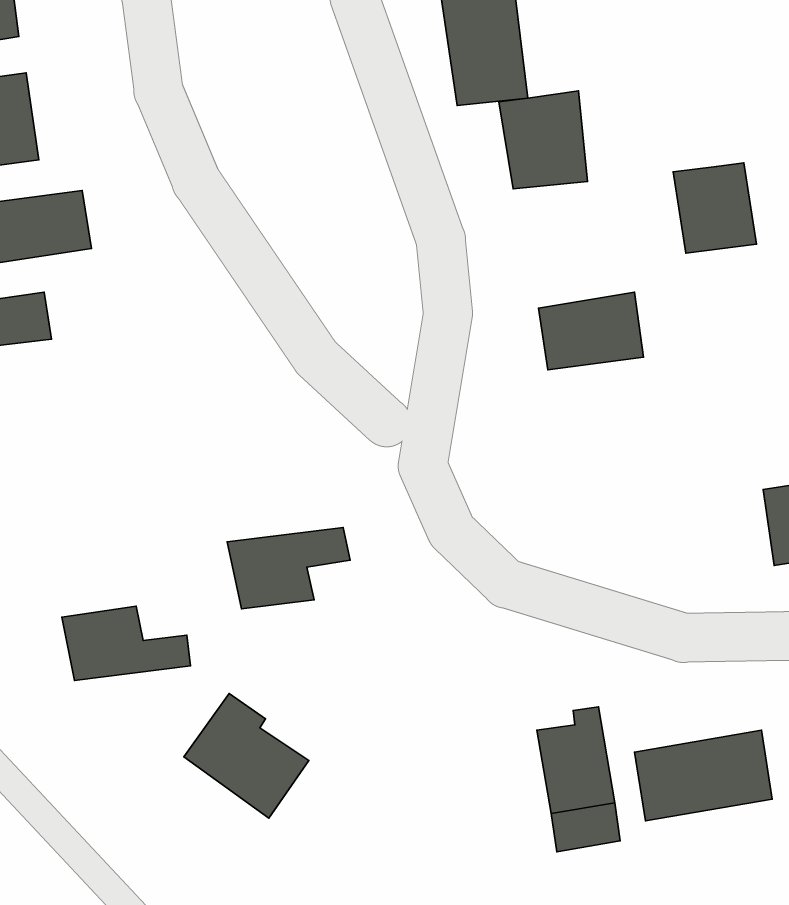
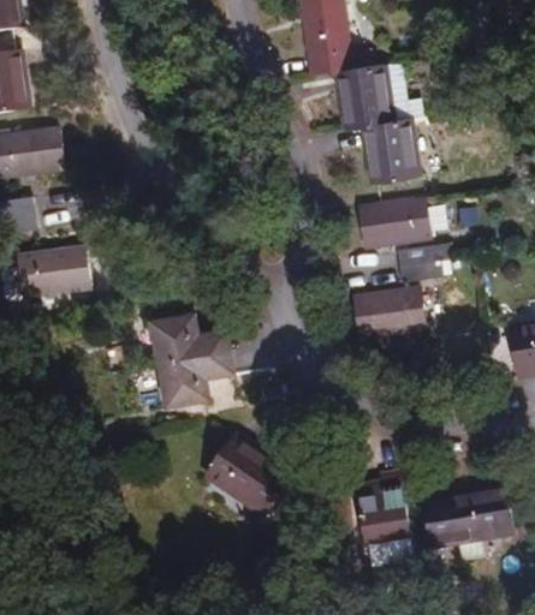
building: [673,163,756,253] -> [363,120,418,180]
building: none -> [397,243,452,282]
building: none -> [18,246,89,297]
building: none -> [355,288,426,338]
building: [62,606,190,680] -> [144,312,230,362]
building: [184,693,309,818] -> [207,432,290,515]

